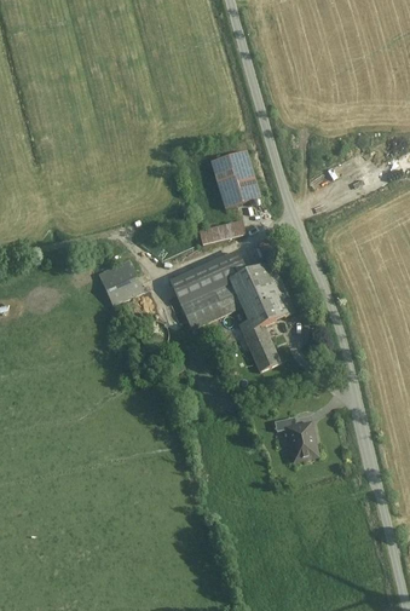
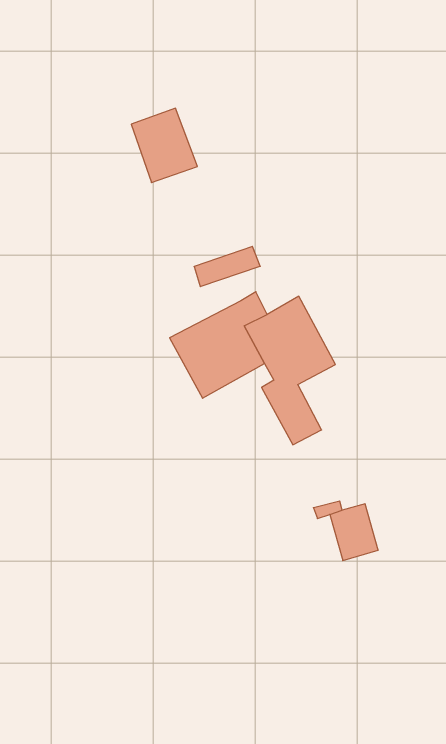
building: [208,150,256,206] -> [131,108,197,183]
building: [100,261,142,304] -> none

